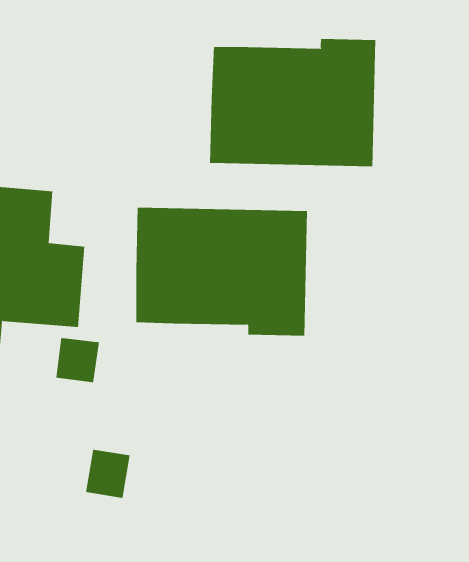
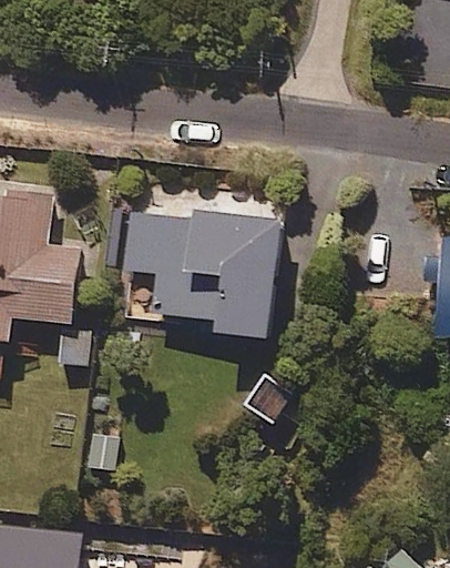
building: [210,38,376,167] -> none

